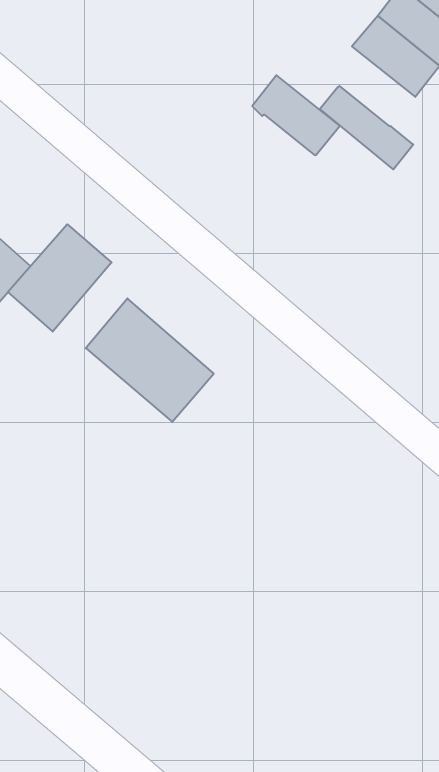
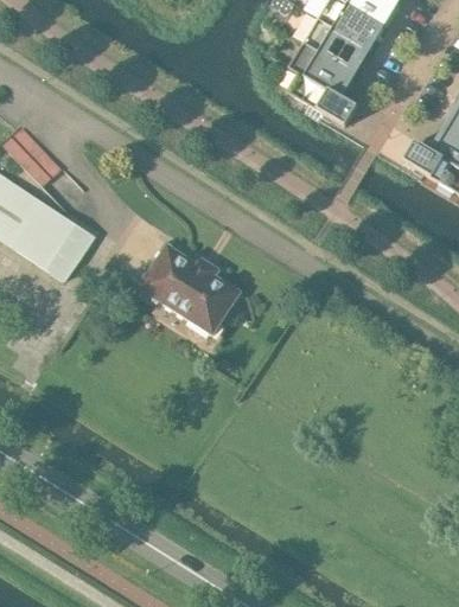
building: [252,75,340,155] -> [289,43,355,96]
building: [8,224,112,332] -> none

